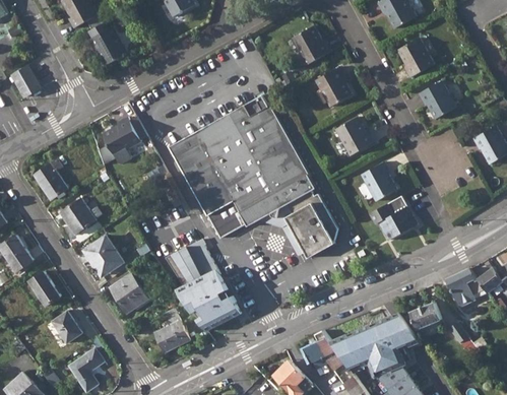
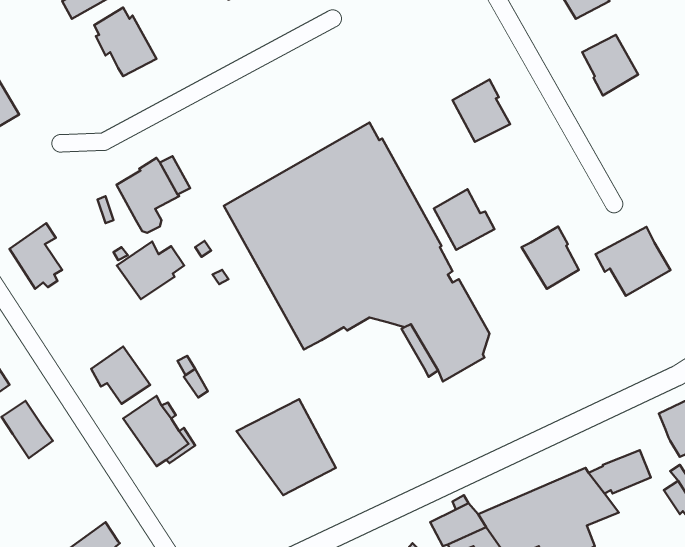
building: [292,26,330,65] -> none
building: [419,81,455,119] -> none
building: [335,118,374,156] -> [434,189,495,250]
building: [369,197,417,241] -> [595,227,671,296]
building: [59,198,102,235] -> [117,242,184,299]
building: [167,240,217,286] -> none
building: [51,310,83,345] -> none
building: [154,310,190,353] -> none

